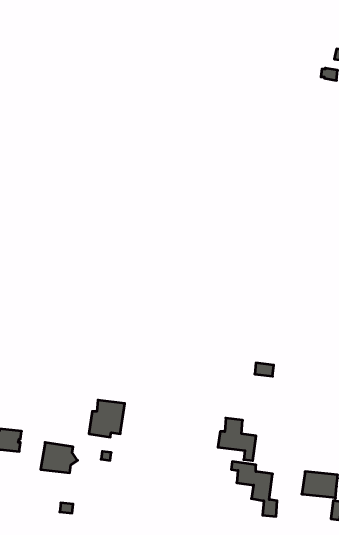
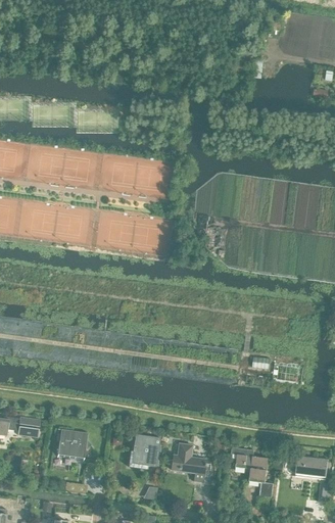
building: [89,400,125,437] -> [127,435,159,469]
building: [218,418,256,461] -> [171,442,205,481]

